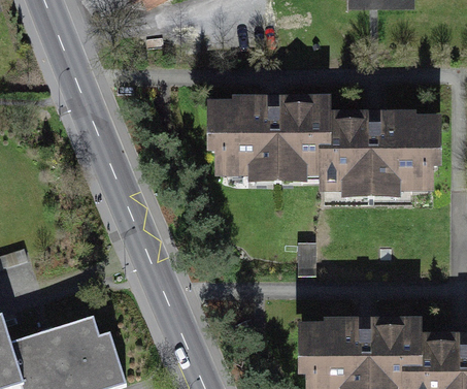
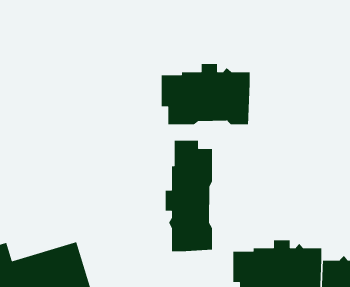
building: [324,110,437,189] -> none
building: none -> [165,140,213,252]

